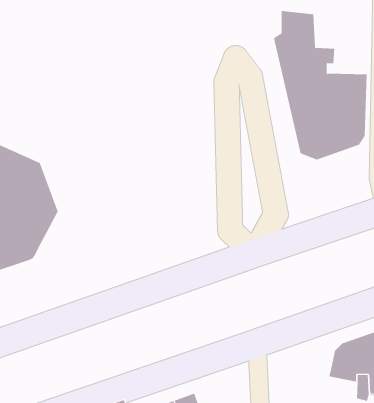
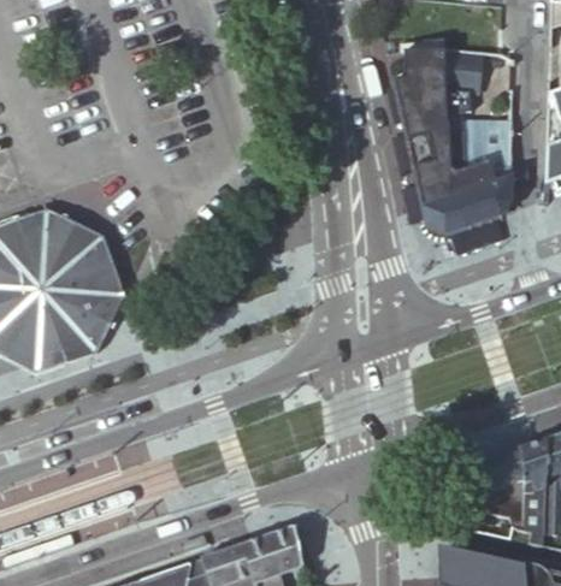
building: none -> [445,48,482,91]

